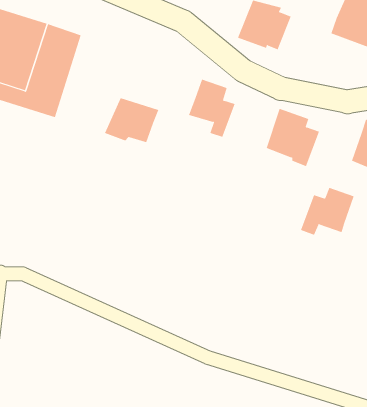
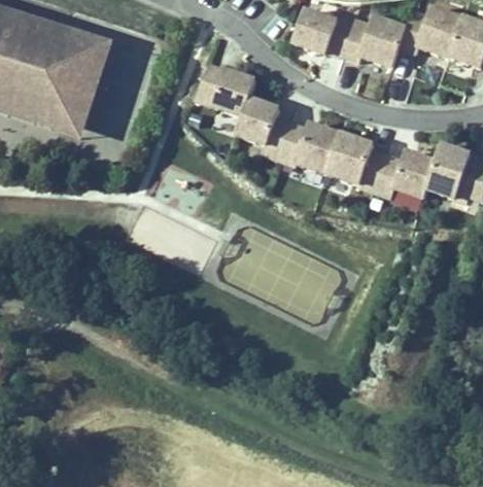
building: none -> [339,12,405,69]
building: [104,97,159,143] -> [192,63,255,115]
building: none -> [273,118,338,173]
building: [300,187,355,235] -> [371,145,434,201]

